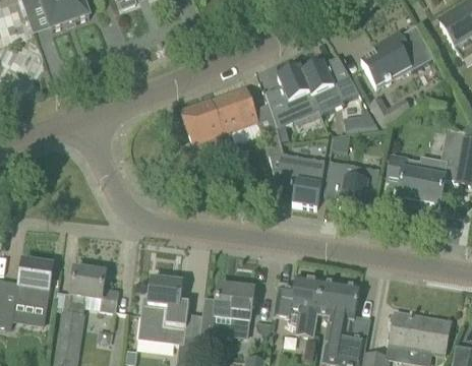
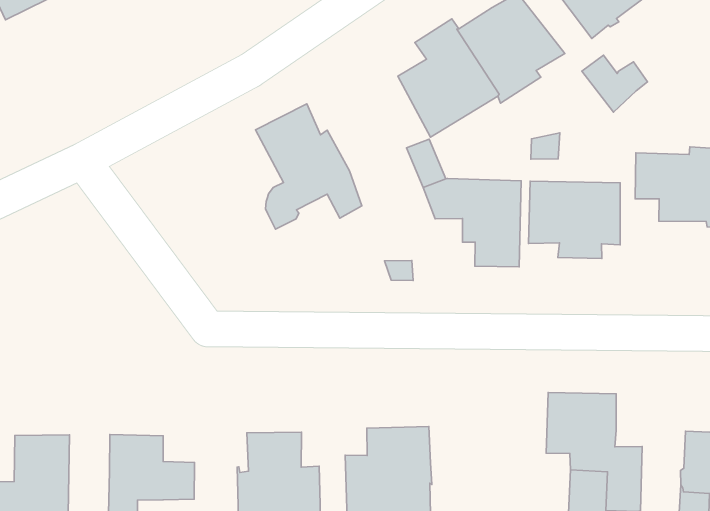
building: [211,88,255,132] -> none
building: [342,109,377,133] -> none
building: [287,274,321,337] -> none

